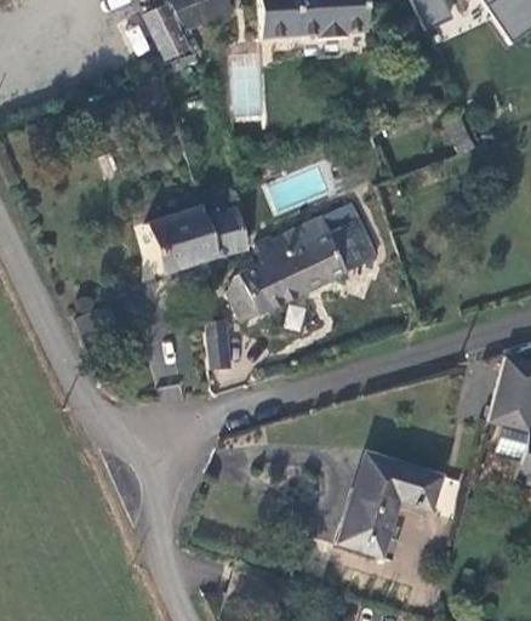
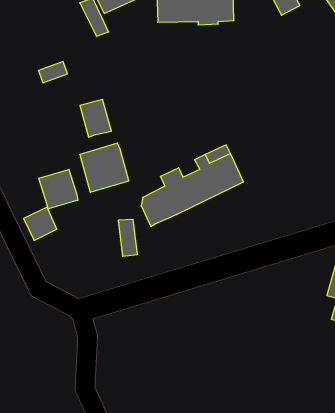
building: [205,204,249,256] -> [80,99,111,137]
building: none -> [39,169,78,209]
building: [338,454,442,556] -> none

